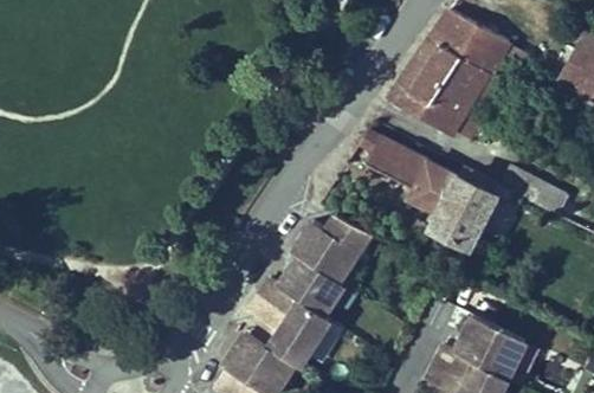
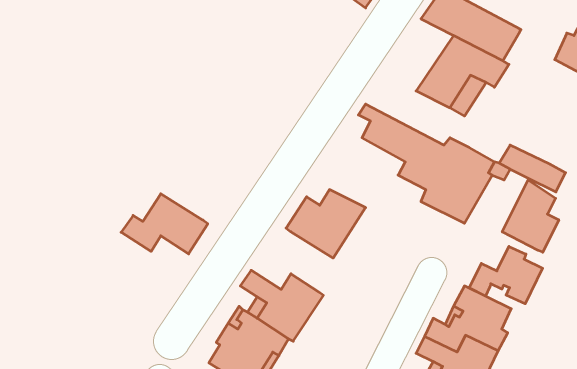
building: [392,47,460,118] -> none
building: none -> [502,180,559,252]
building: [262,257,347,316] -> [121,194,208,254]
building: none -> [469,246,543,304]

